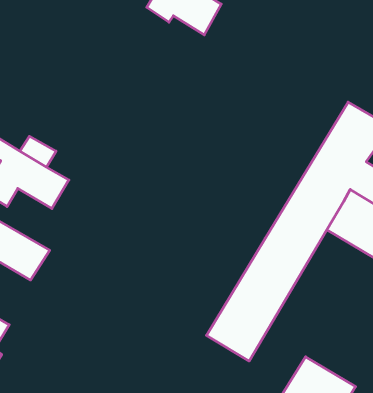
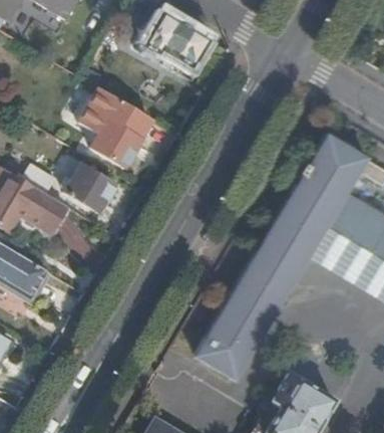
building: none -> [84,90,151,169]
building: none -> [64,166,113,213]

